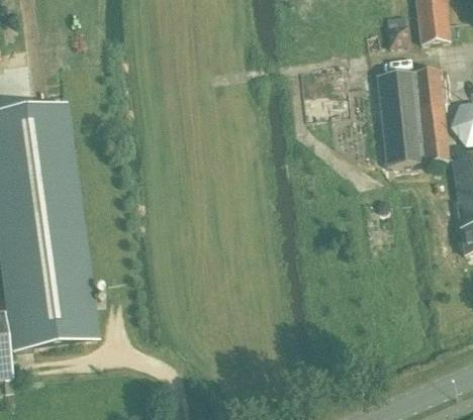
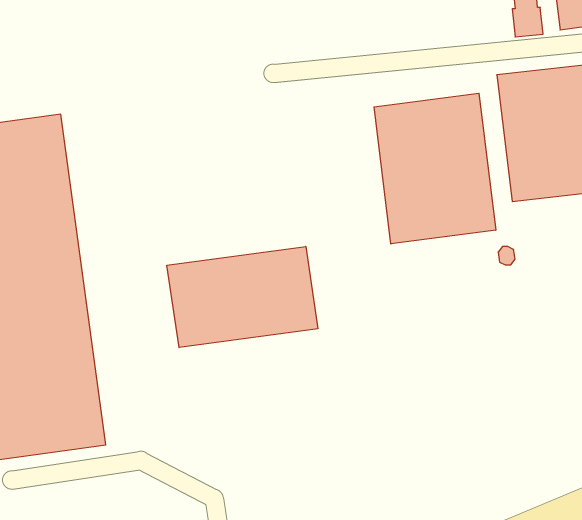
building: none -> [374,93,496,244]
building: none -> [167,246,318,348]

